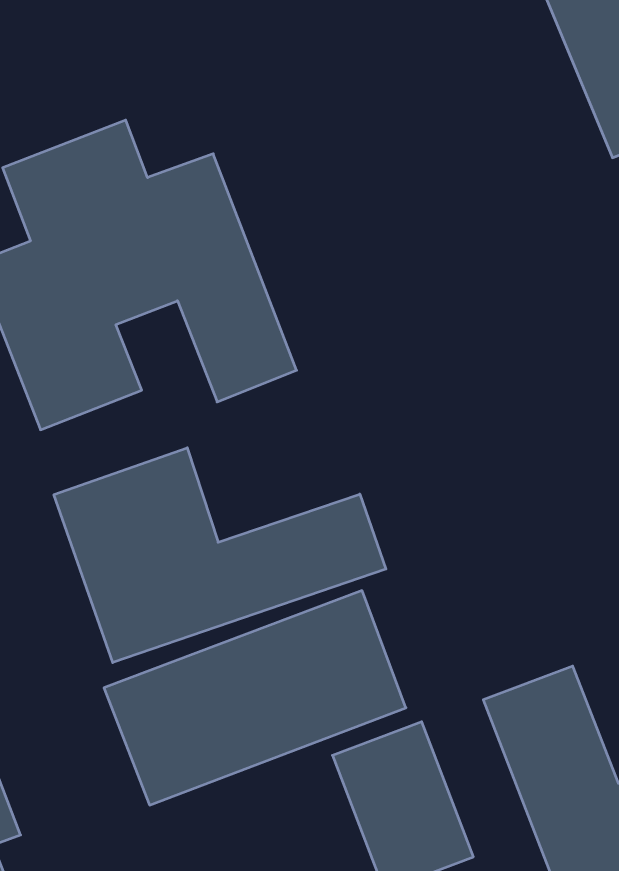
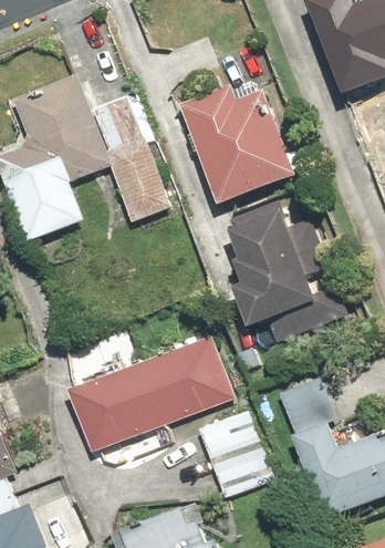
building: none -> [177,68,298,207]
building: none -> [216,190,333,335]
building: [54,448,386,663] -> none

